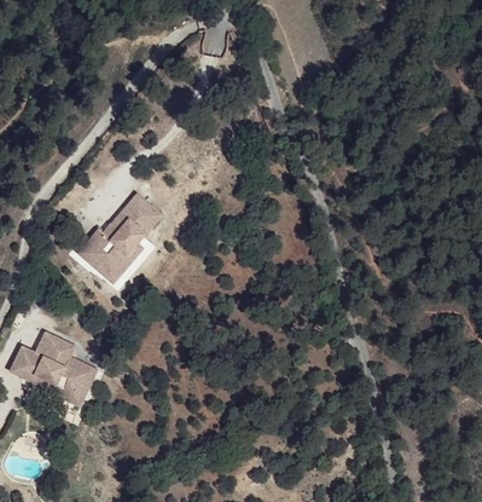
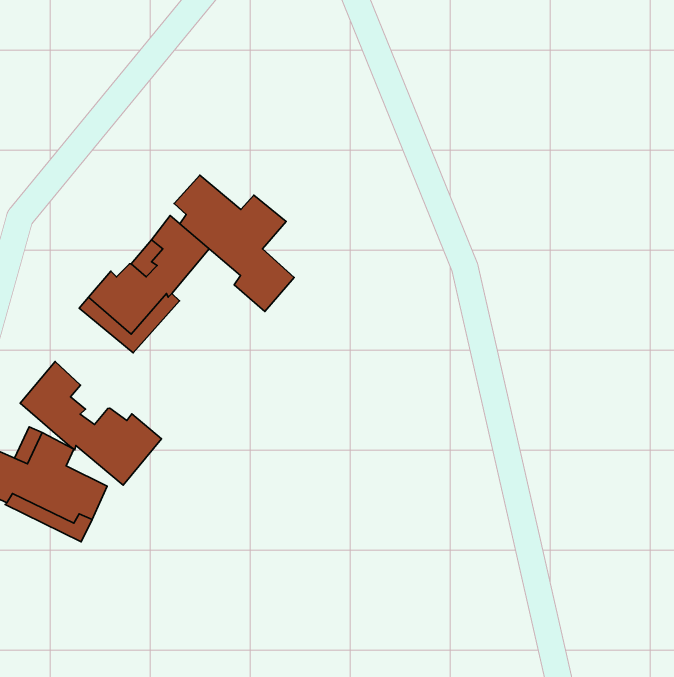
building: none -> [174,175,294,312]
building: none -> [20,361,162,485]

